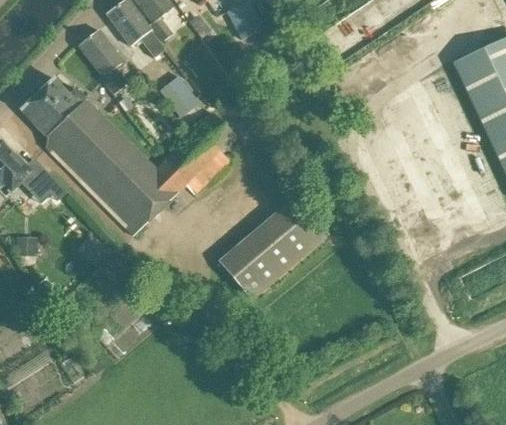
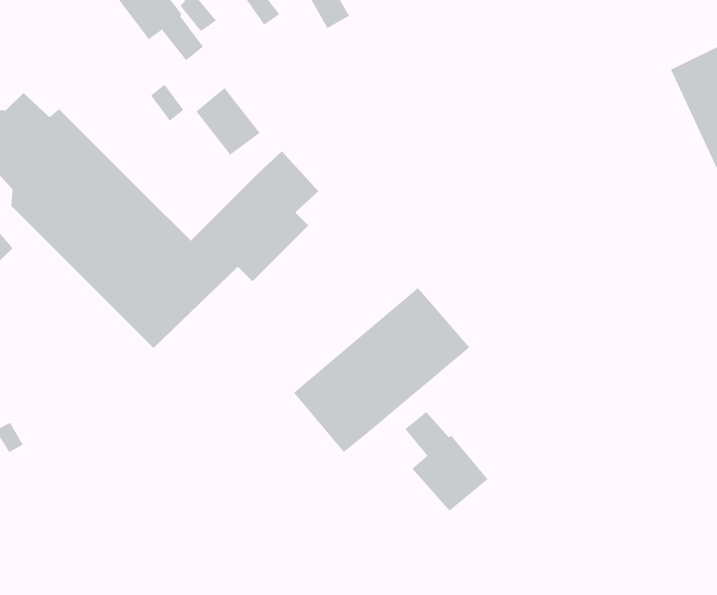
building: [79,29,131,100] -> none
building: none -> [404,411,489,511]

